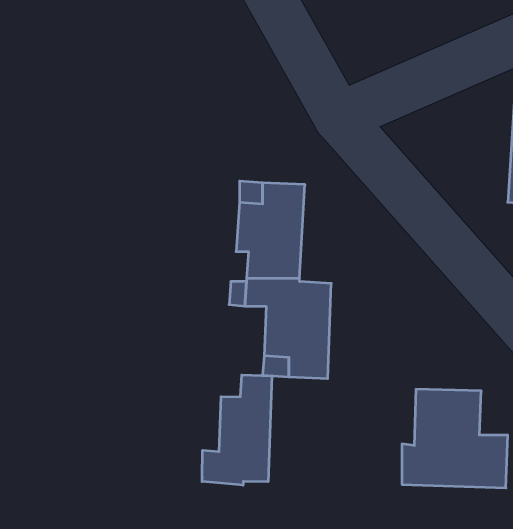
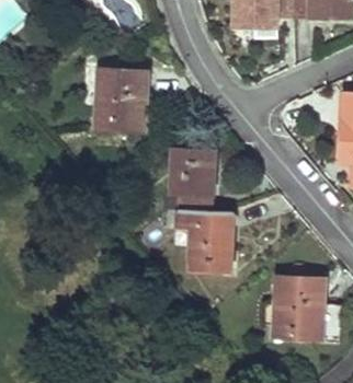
building: none -> [96,70,146,129]
building: [202,375,272,485] -> none

